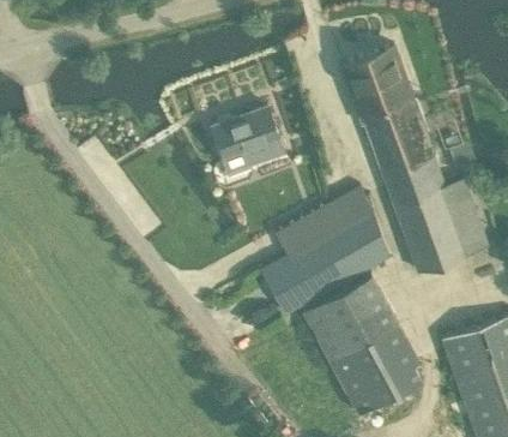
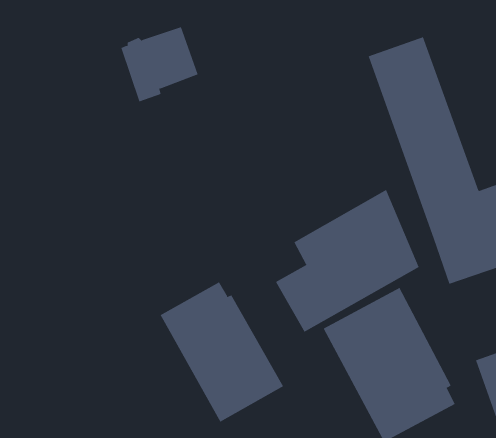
building: [213,108,284,176] -> [120,27,199,102]
building: none -> [160,282,284,422]

